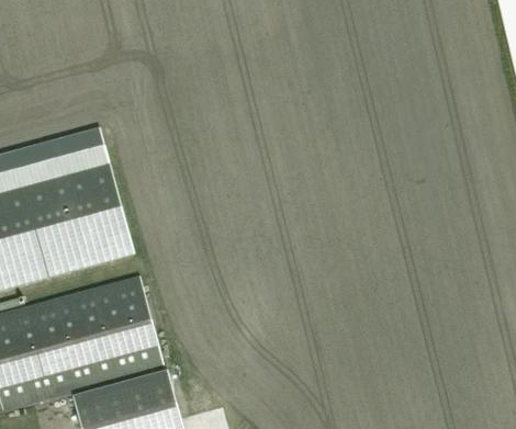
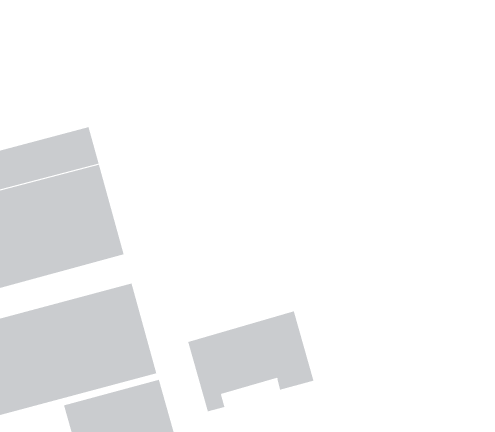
building: none -> [187,311,314,412]

